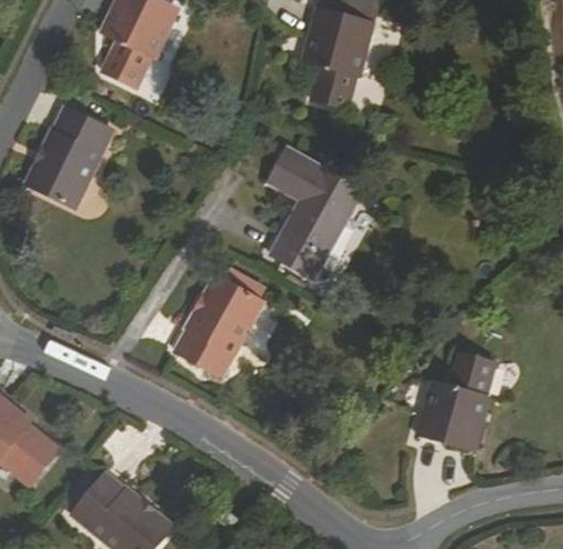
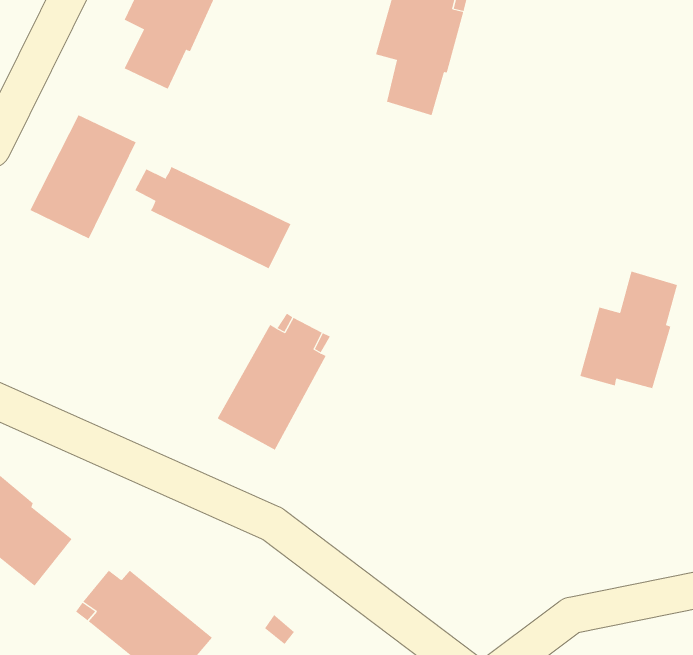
building: [267,147,362,278] -> none
building: none -> [134,166,291,269]
building: [416,351,495,446] -> [579,271,678,389]

